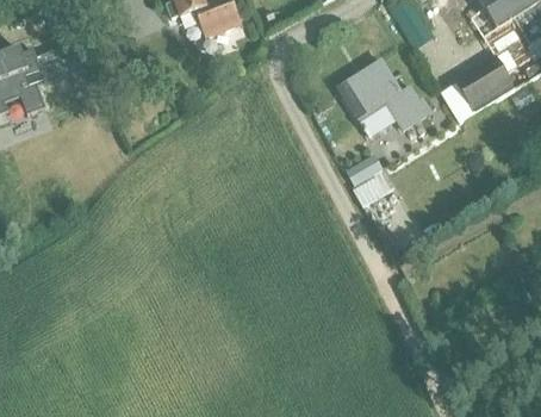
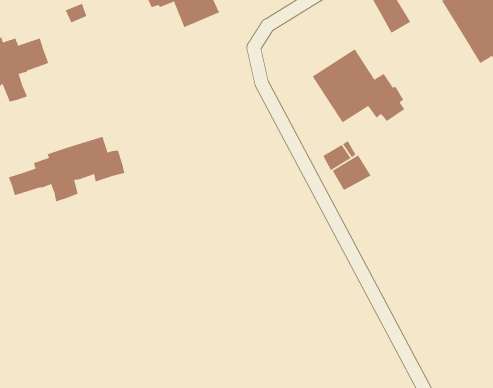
building: [441,55,510,113] -> none
building: none -> [8,136,125,202]

